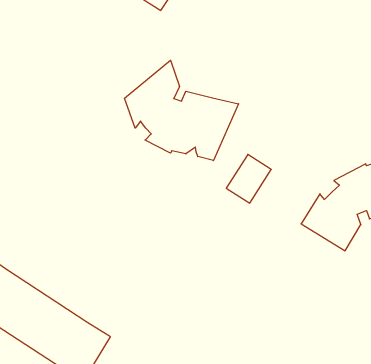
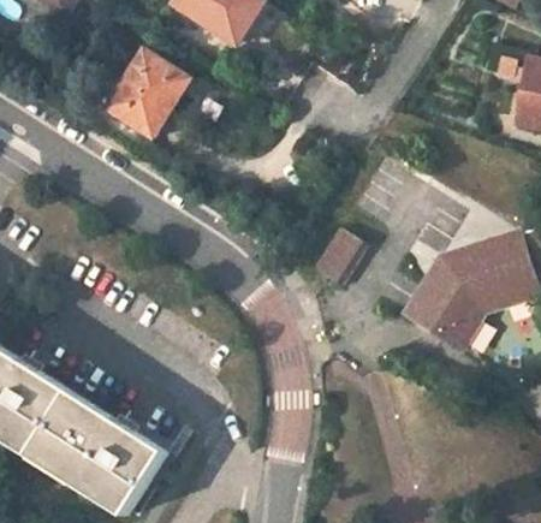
building: none -> [101,48,184,136]
building: [124,60,239,161] -> none

